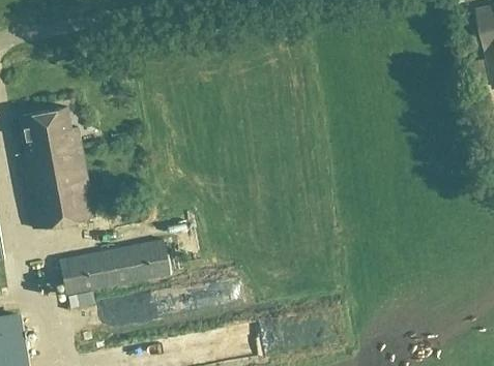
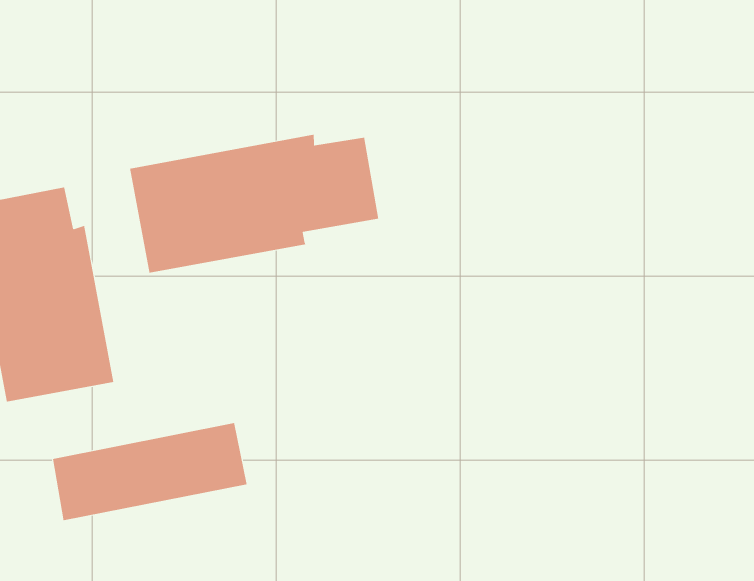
building: none -> [129,134,379,273]

